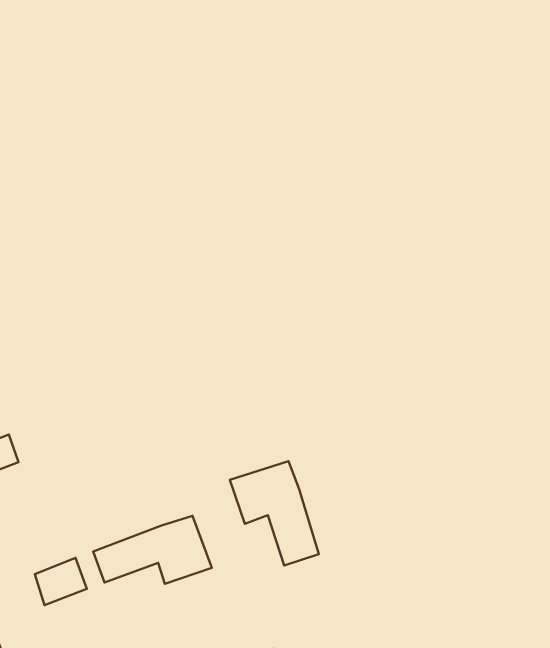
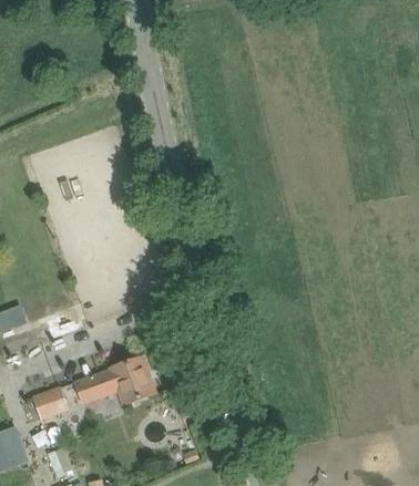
building: [230,461,319,566] -> none

